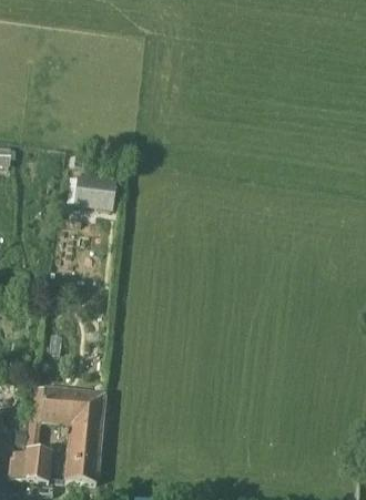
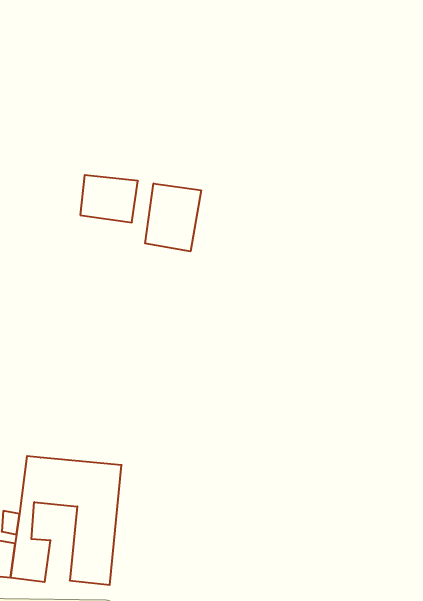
building: none -> [145,183,201,251]

